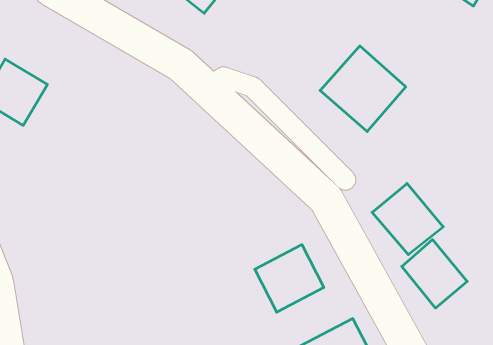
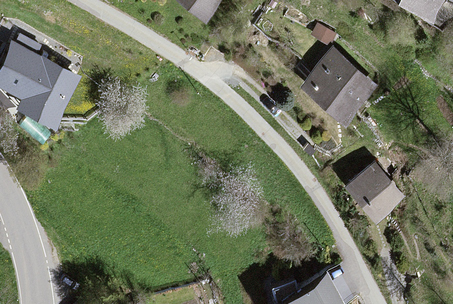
building: [402,240,467,308] -> none
building: [255,245,324,312] -> none

